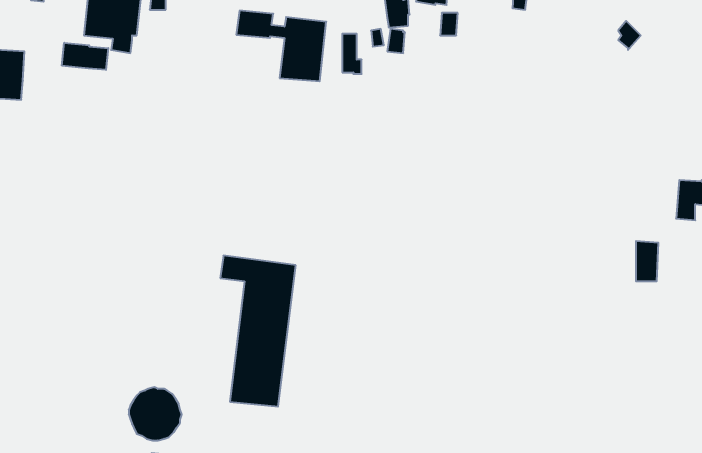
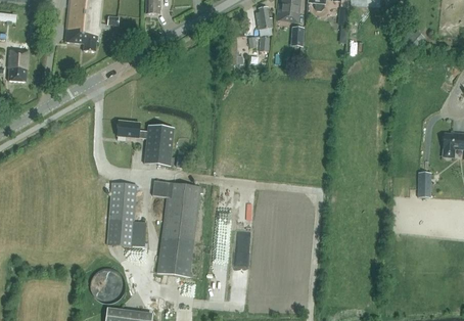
building: [236,11,326,81] -> [117,121,174,166]
building: [62,43,108,70] -> none
building: none -> [107,183,148,247]

